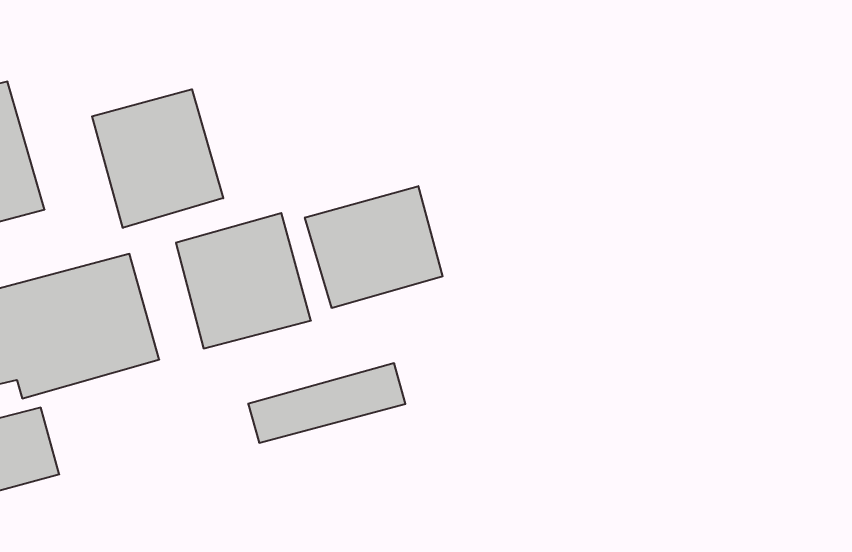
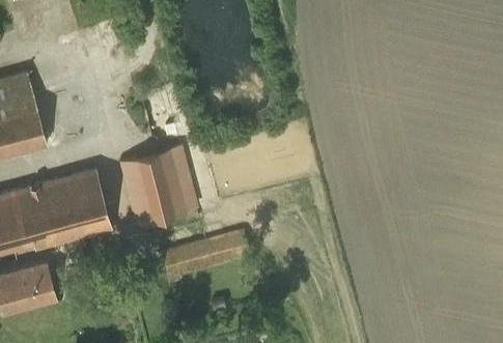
building: [92,89,223,228] -> none
building: [305,186,443,308] -> none

